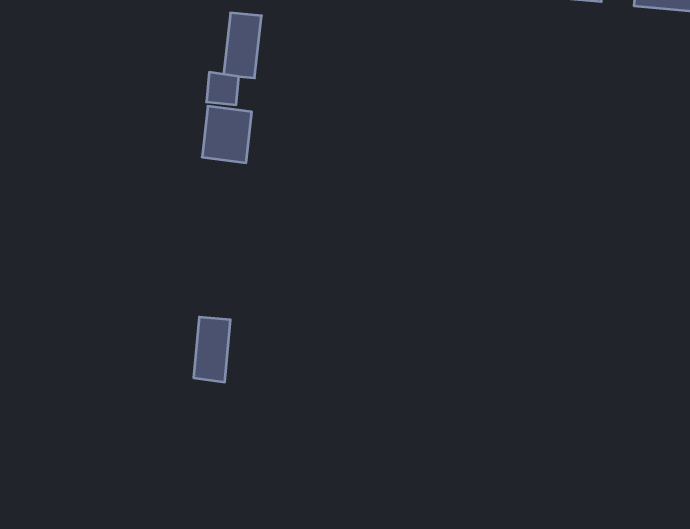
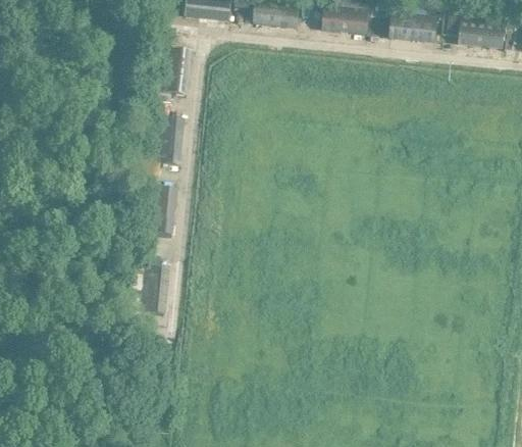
building: none -> [150,188,175,222]

